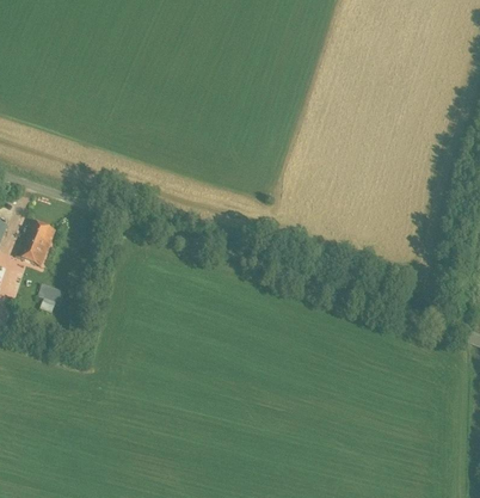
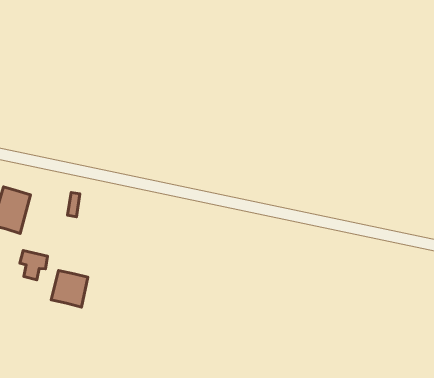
building: none -> [51,270,88,307]

